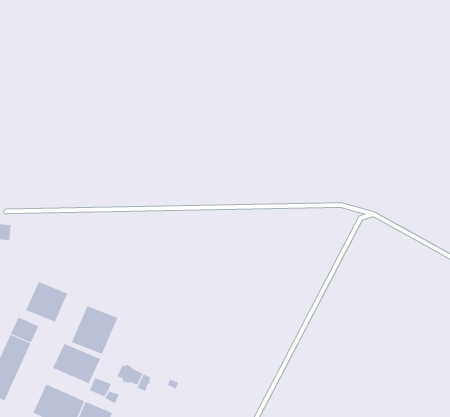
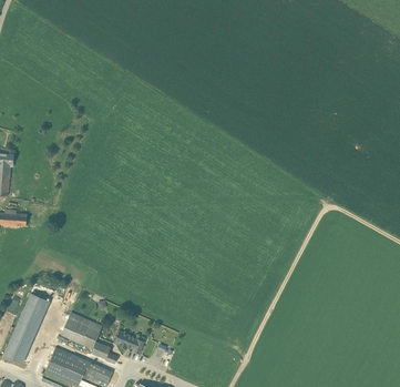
building: [26,281,68,322] -> none
building: [71,305,118,354] -> none

